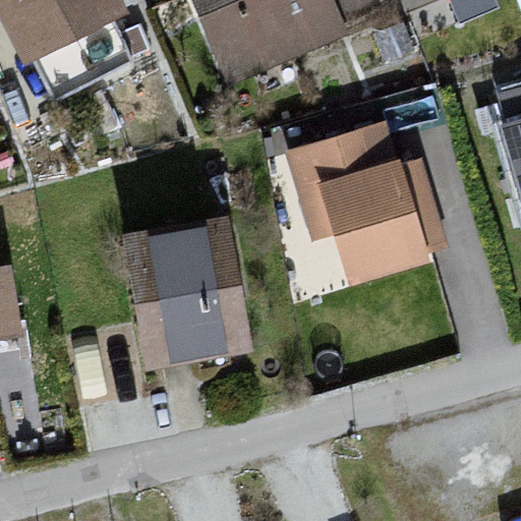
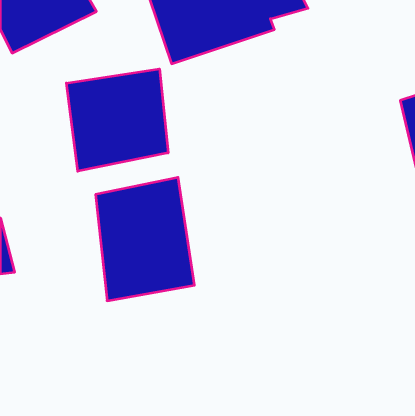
building: none -> [66,69,168,171]
building: [293,118,451,280] -> none

